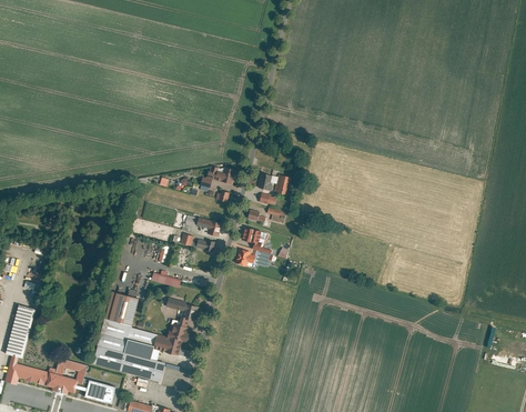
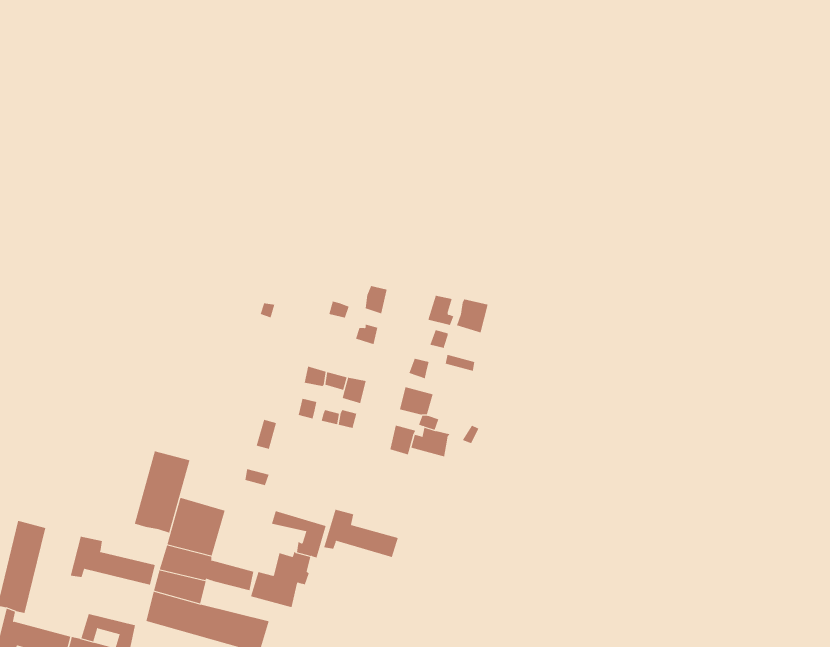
building: none -> [134,451,190,533]
building: none -> [324,509,398,558]
building: none -> [70,536,156,585]

